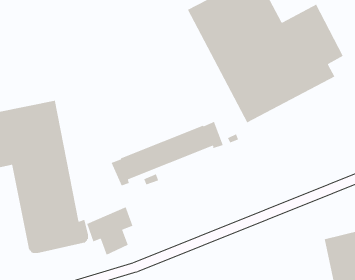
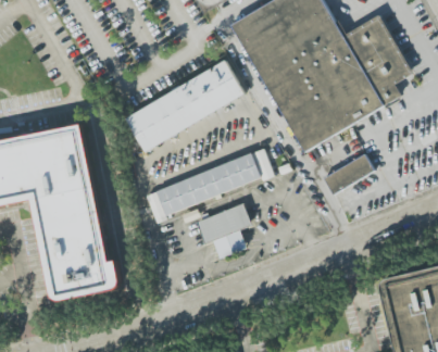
building: none -> [125,60,242,152]
building: none -> [322,153,373,194]
building: [86,206,134,256] -> [196,202,250,259]

